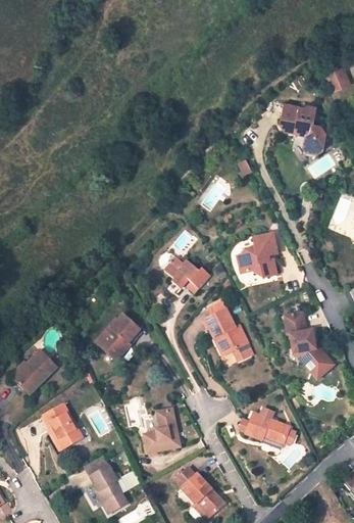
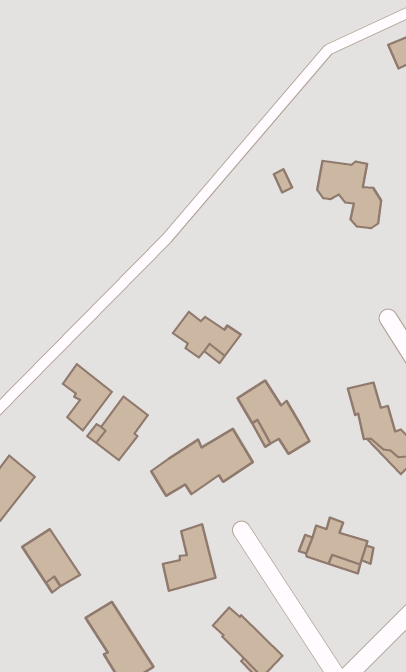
building: [281,101,325,151] -> [317,161,381,228]
building: [237,234,279,279] -> none
building: none -> [63,364,112,431]
building: none -> [151,429,253,496]

